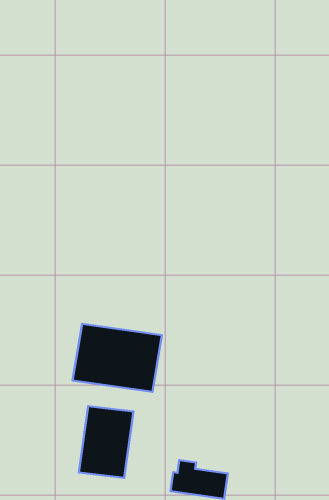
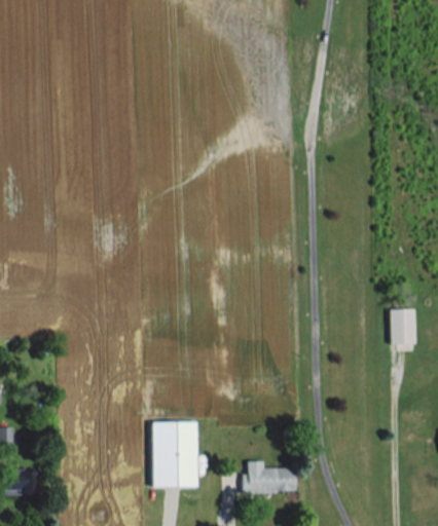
building: [73,324,162,392] -> none

